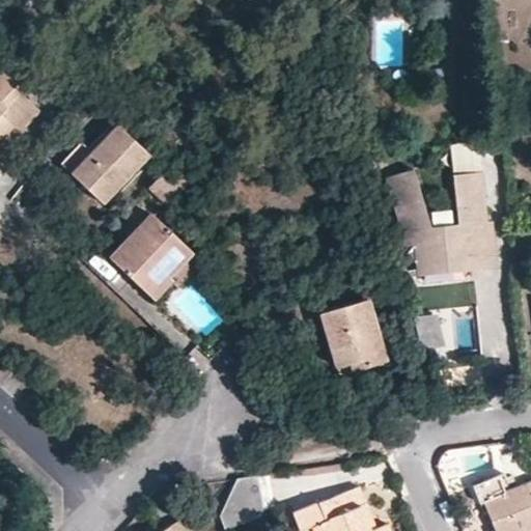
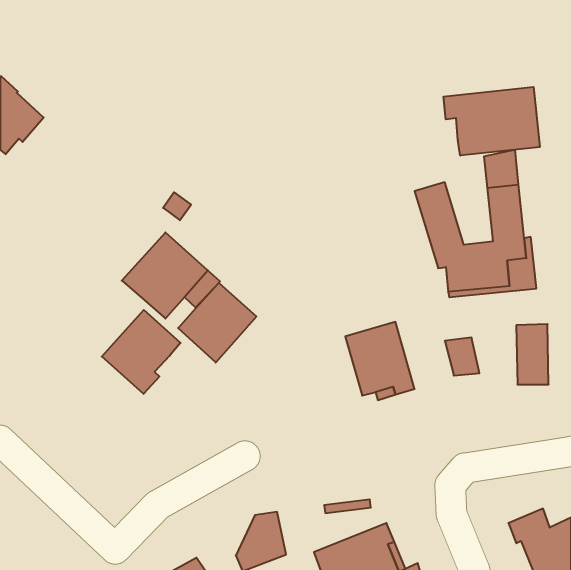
building: none -> [444,87,540,156]
building: [63,127,150,205] -> none
building: none -> [178,283,256,363]
building: none -> [102,310,181,394]

